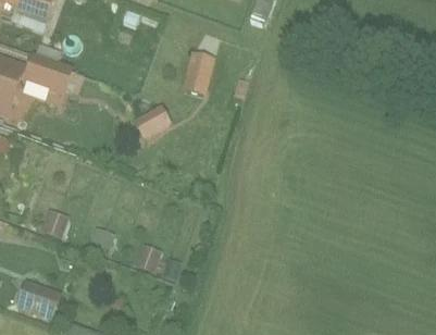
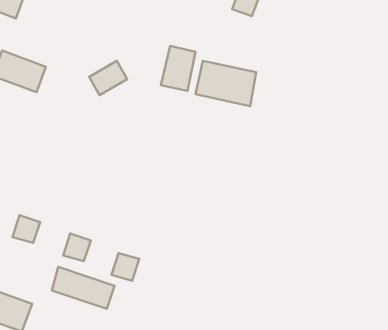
building: none -> [196,61,256,106]
building: [135,106,171,138] -> [89,61,127,95]
building: none -> [52,267,115,309]

